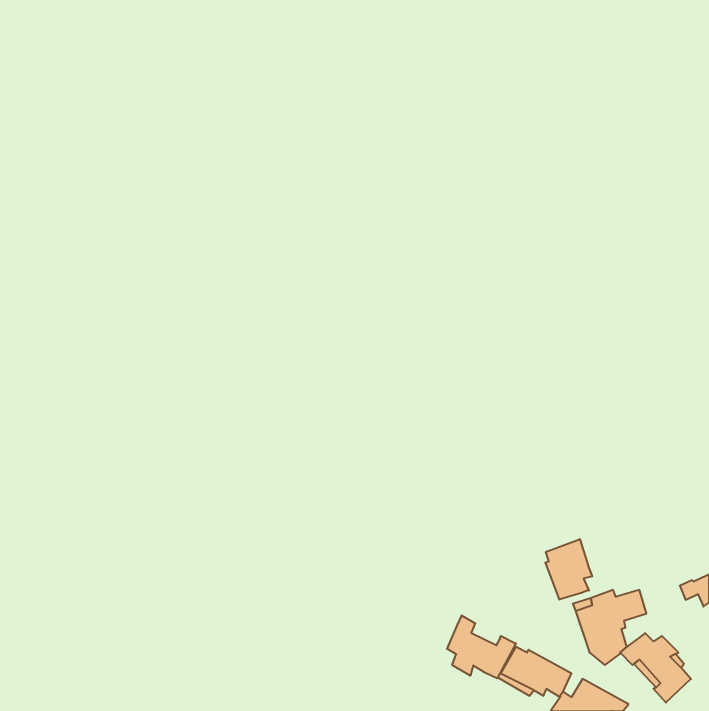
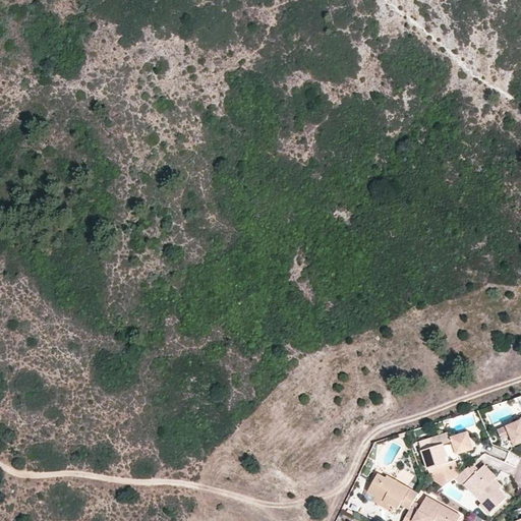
building: [545,539,592,600] -> none
building: [447,615,516,678] -> none

